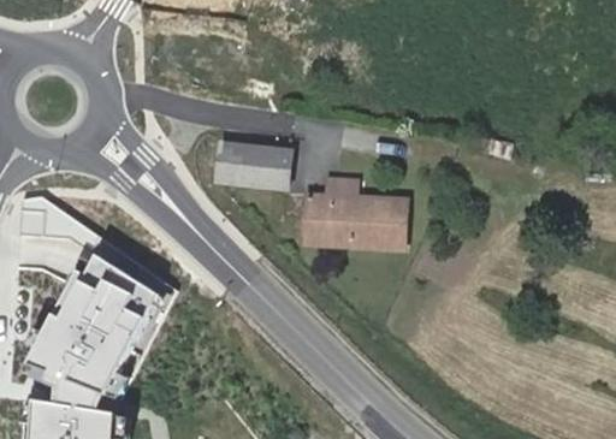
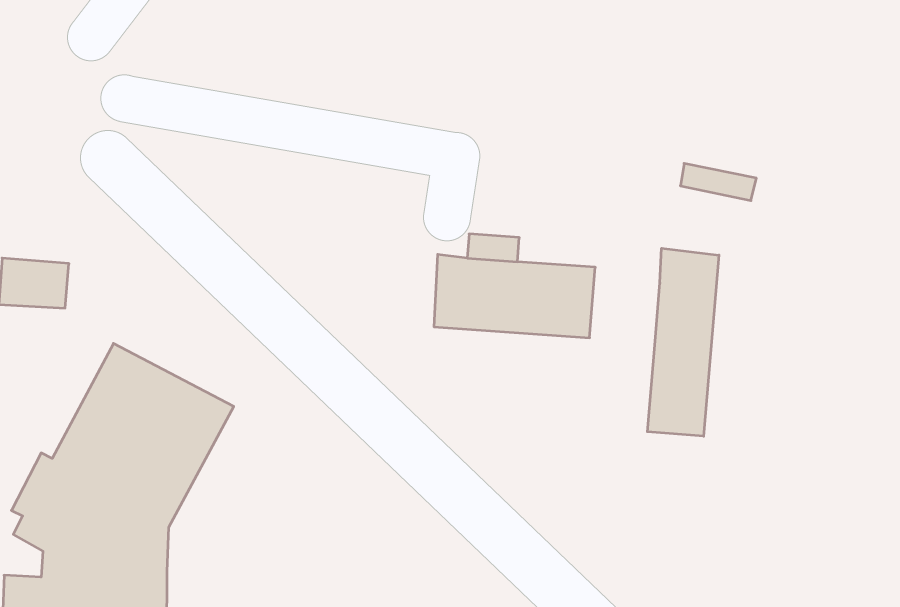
building: [214,140,291,191] -> none
building: none -> [647,248,719,436]

